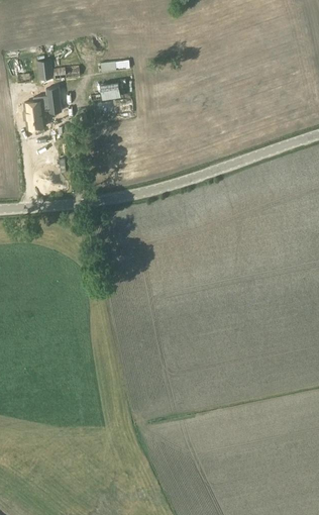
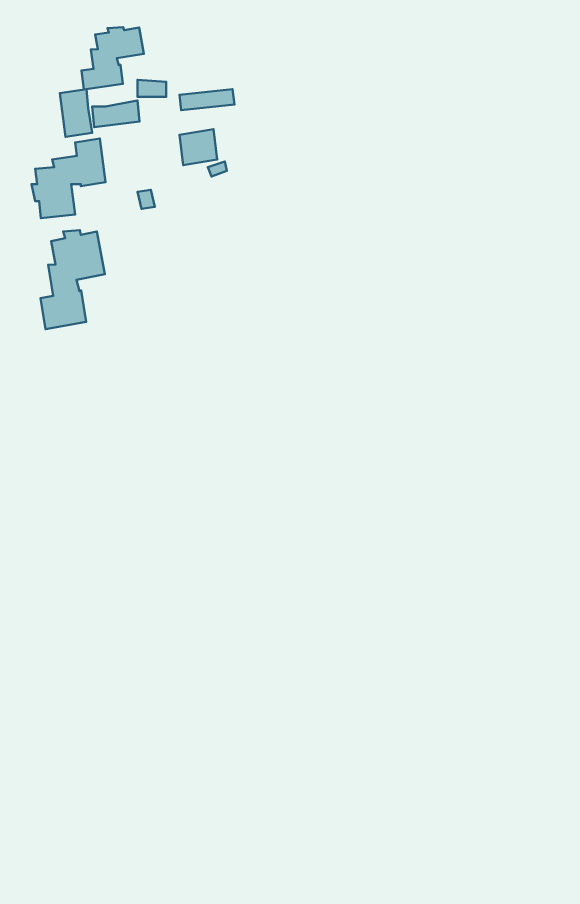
building: none -> [81,27,144,90]
building: none -> [41,230,105,329]

